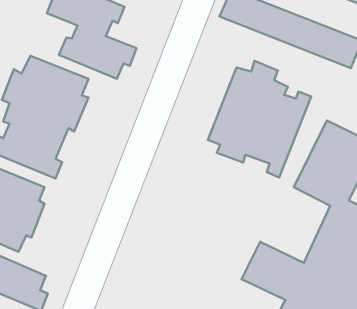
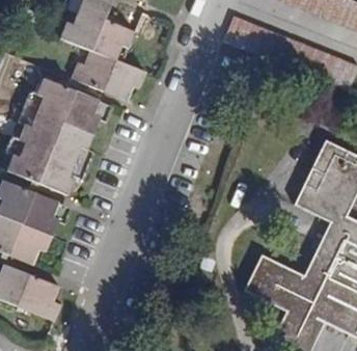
building: [208,61,311,177] -> none

